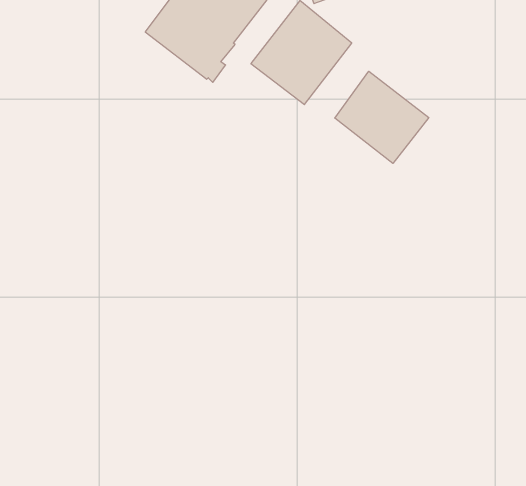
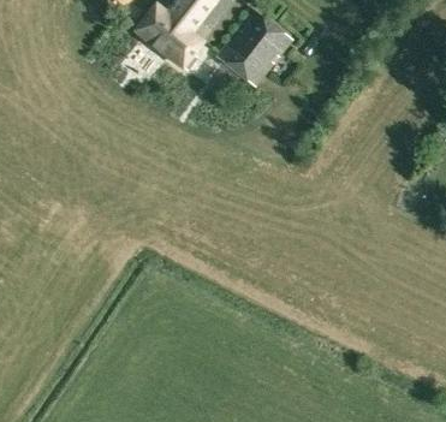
building: [335,71,429,163] -> none

